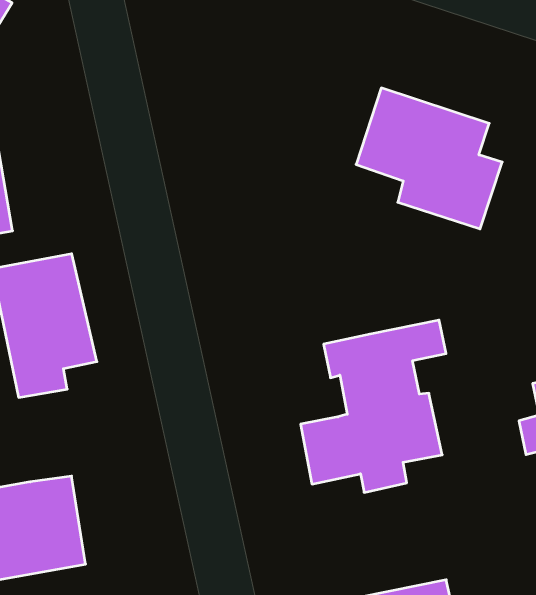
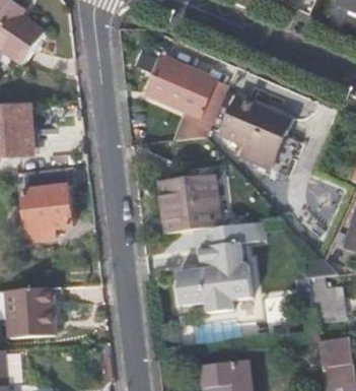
building: none -> [144,55,227,138]
building: none -> [161,176,219,232]

